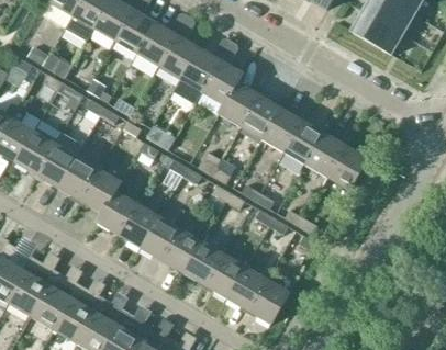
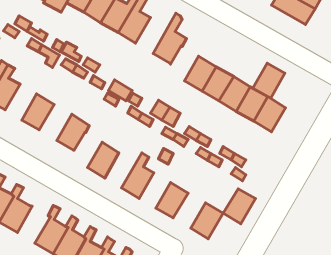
building: [172,39,230,103] -> none
building: [218,82,258,126] -> none
building: none -> [253,63,285,98]
building: [15,131,55,176] -> none
building: [58,156,99,201] -> none
building: [97,191,137,235] -> none
building: [141,212,187,260] -> none
building: [183,241,223,285] -> none
building: [226,267,267,311] -> [223,189,256,224]
building: [31,269,73,329] -> none

